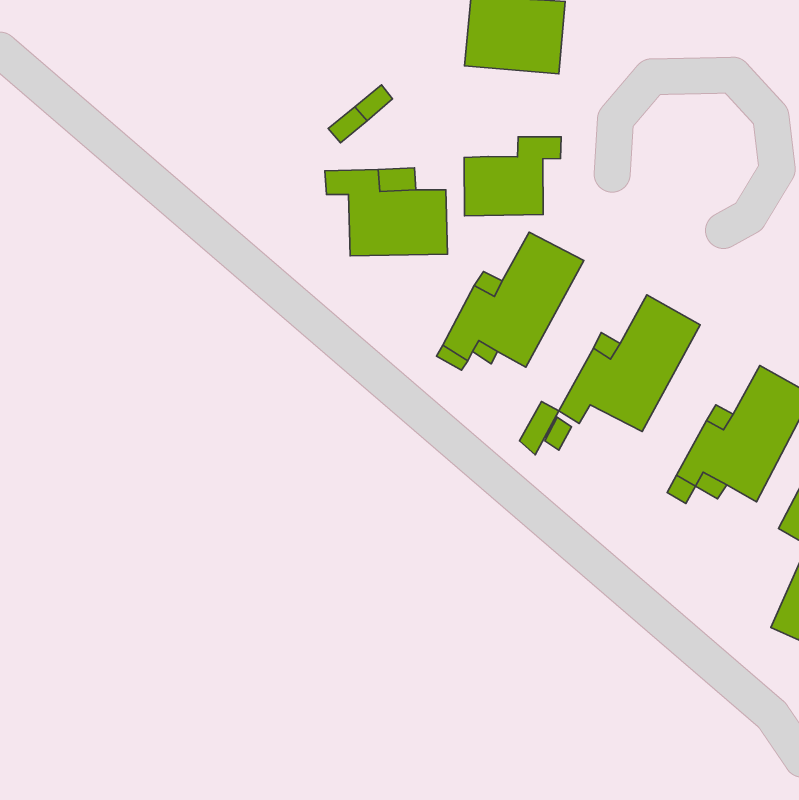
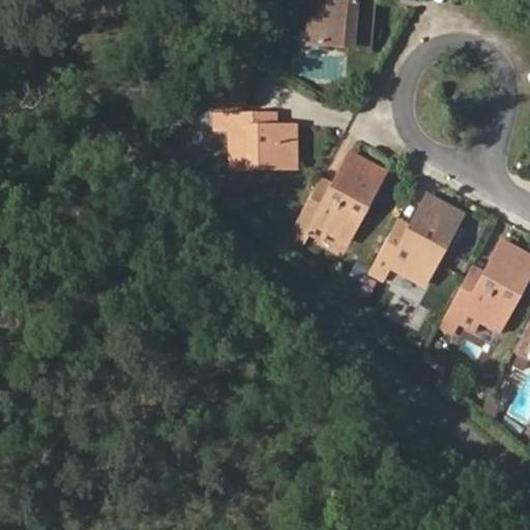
building: [464,137,561,216] -> none

